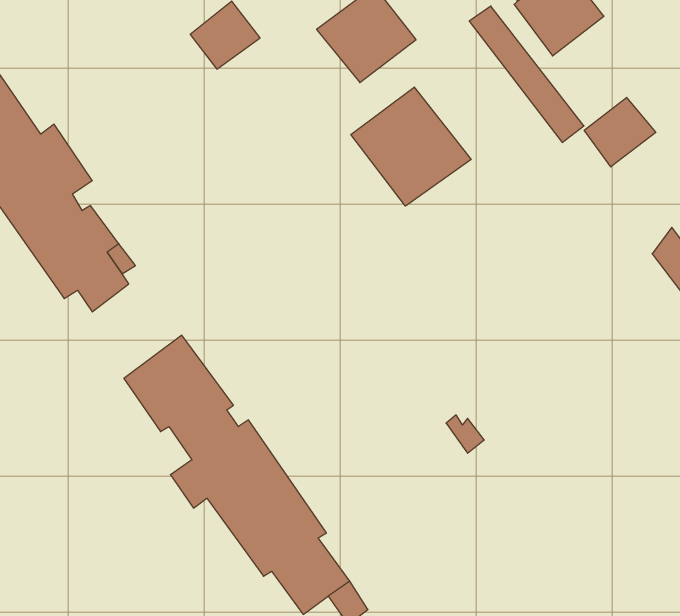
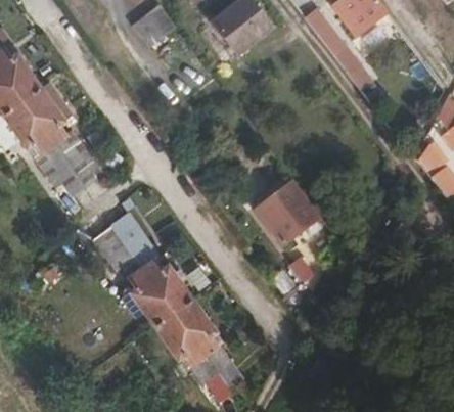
building: [351,87,471,206] -> none
building: [584,97,656,167] -> none
building: none -> [254,182,319,246]

